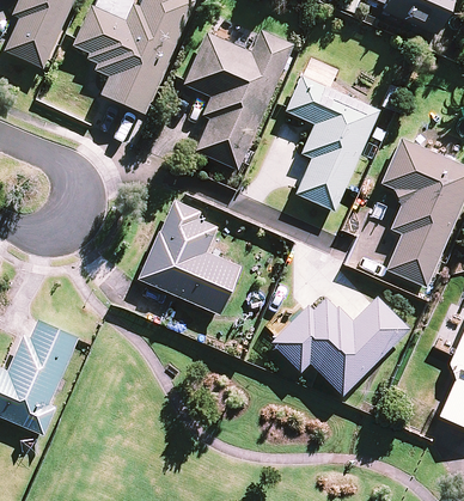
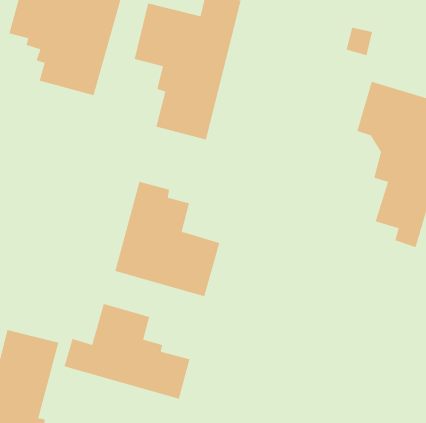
building: [285,74,380,209] -> none
building: [270,294,410,393] -> none
building: none -> [64,303,190,399]

